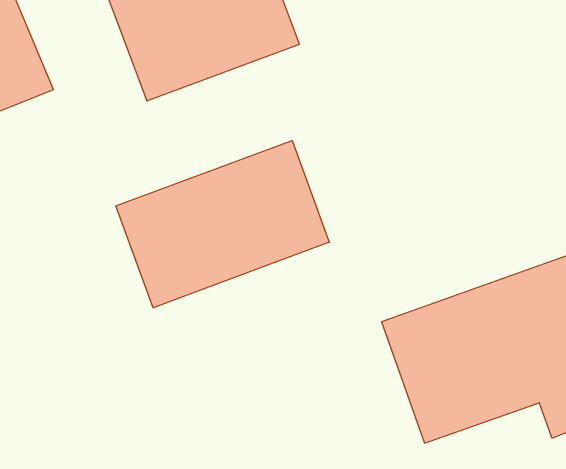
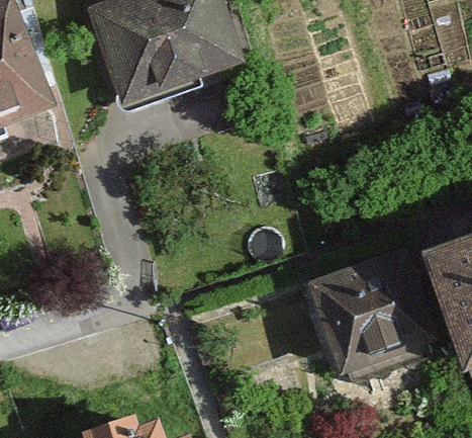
building: [116,140,329,308] -> none

